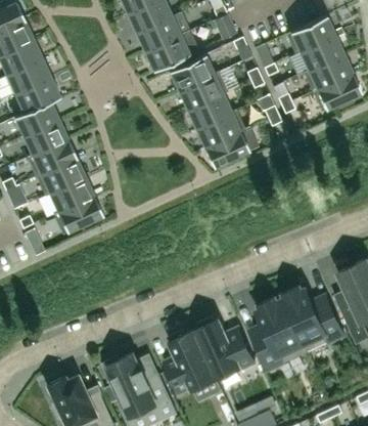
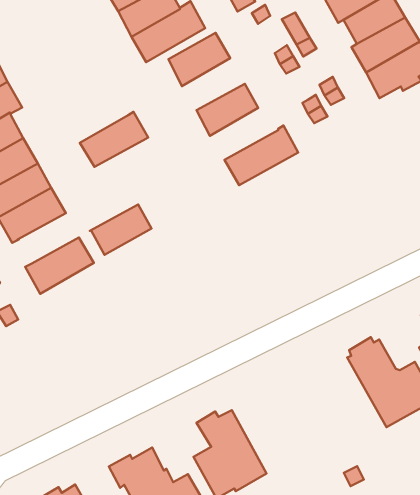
building: [178,72,228,110] -> [80,112,148,167]
building: [195,110,245,147] -> none
building: [49,177,94,212] -> [90,204,151,255]
building: [256,297,307,371] -> none
building: [195,317,256,379] -> none

